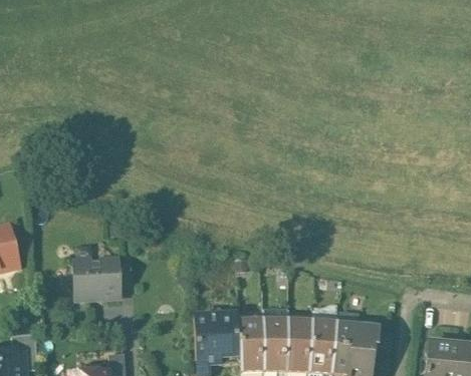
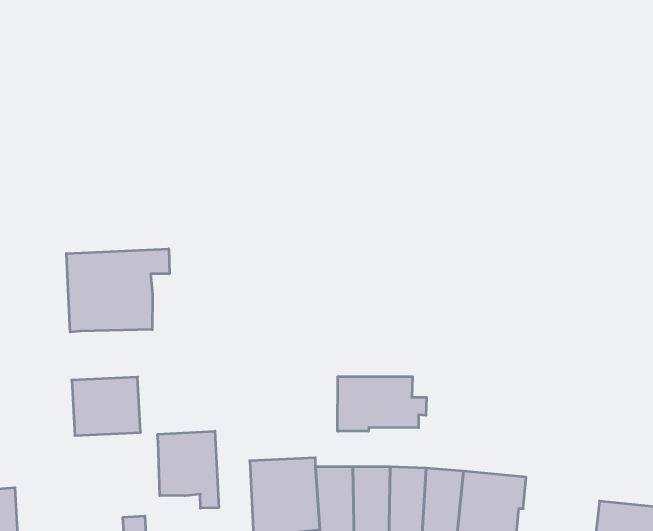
building: none -> [66,249,169,332]
building: none -> [338,377,426,431]
building: none -> [158,431,219,508]

